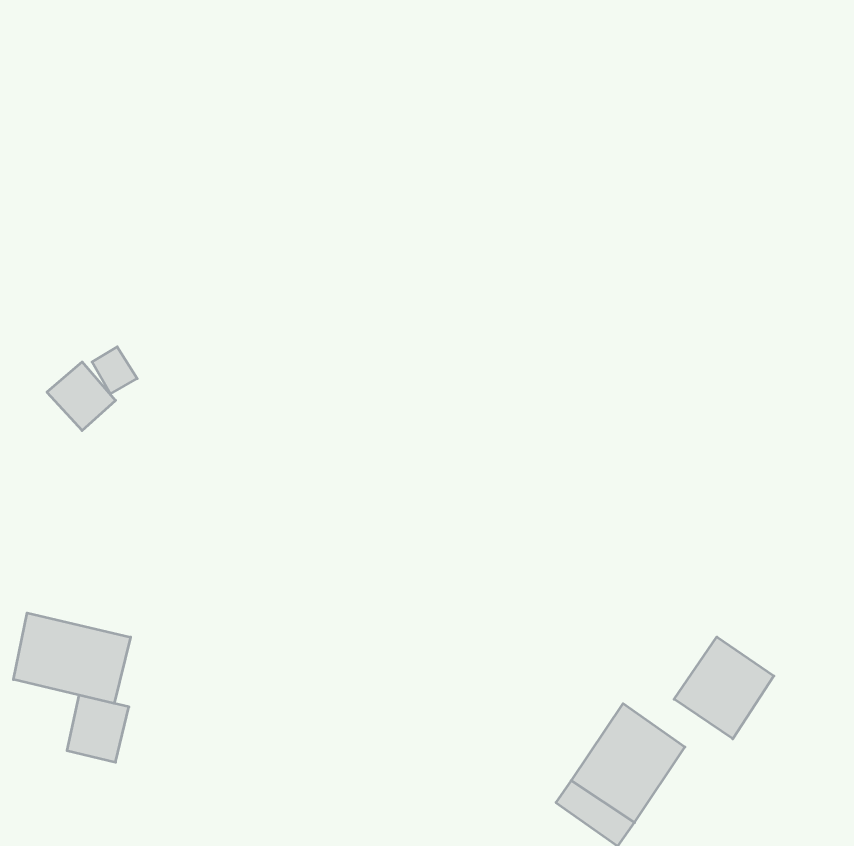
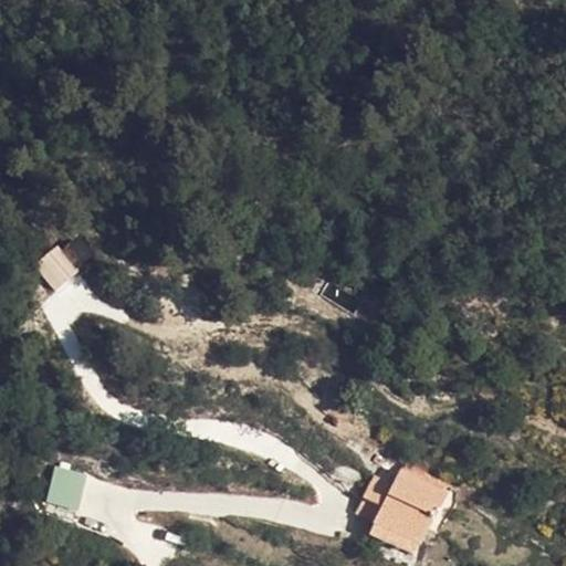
building: [13,613,131,703] -> none
building: [674,637,774,739] -> none

